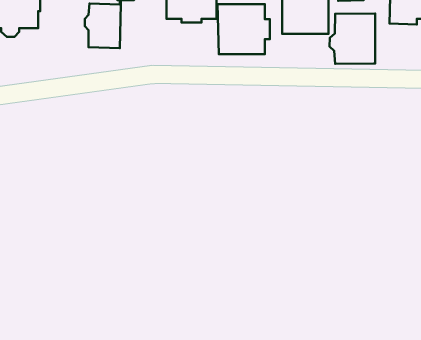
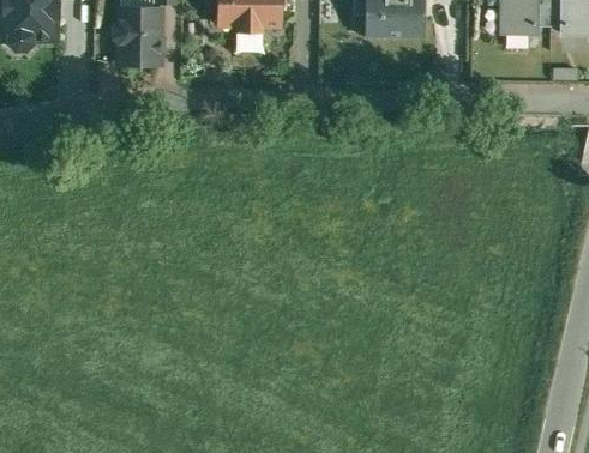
building: [218,4,270,54] -> none
building: [330,13,375,64] -> none

